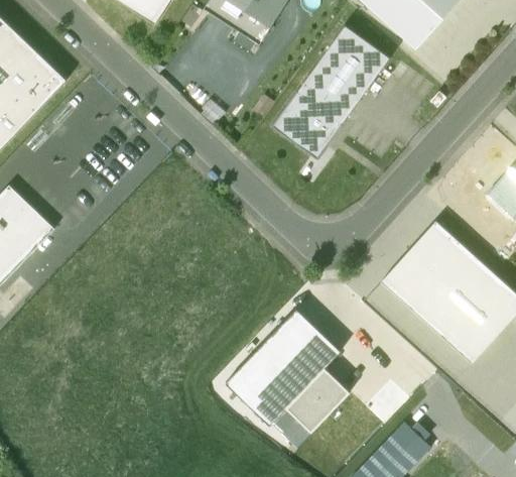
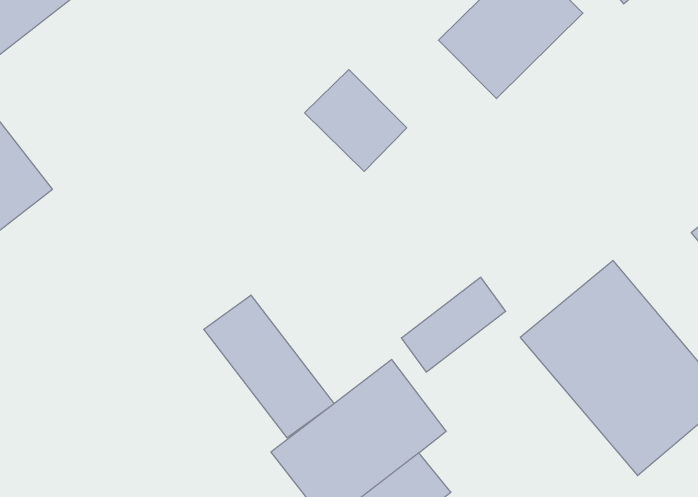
building: [271,91,341,157] -> [305,70,407,171]
building: none -> [401,277,506,372]
building: none -> [204,295,334,438]

